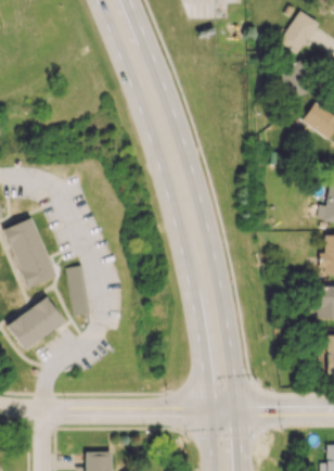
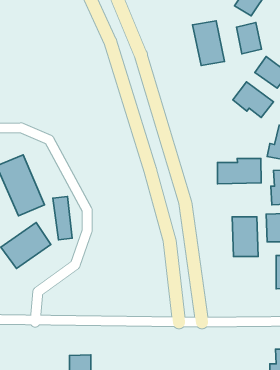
building: none -> [193,21,225,65]
building: none -> [233,82,273,118]
building: none -> [217,158,261,184]
building: none -> [232,217,258,256]

